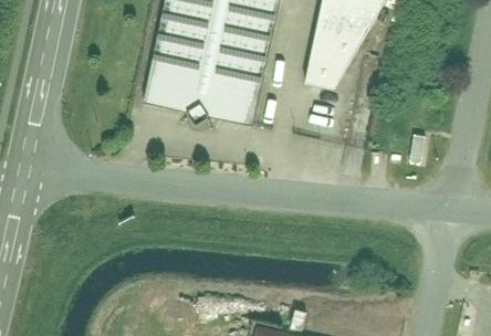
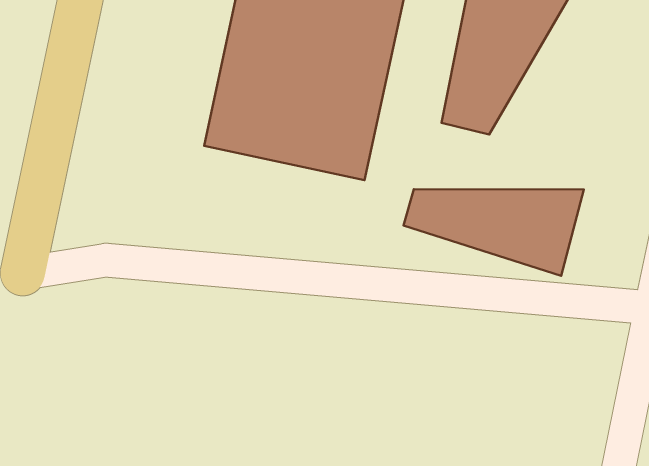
building: none -> [404,189,584,276]

